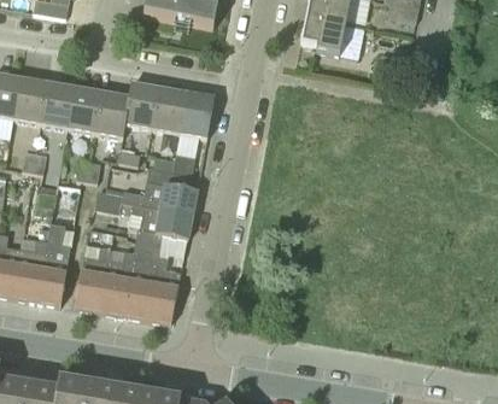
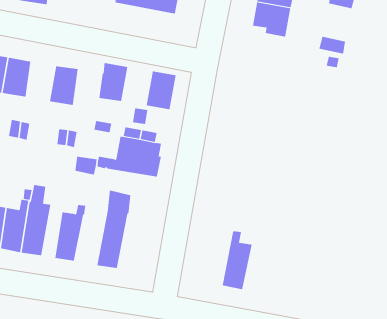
building: [42,82,76,128] -> none
building: [152,88,187,133] -> none
building: [96,90,129,136] -> none
building: [133,205,193,239] -> none
building: [98,250,135,316] -> none
building: [147,257,182,324] -> [222,231,252,290]

